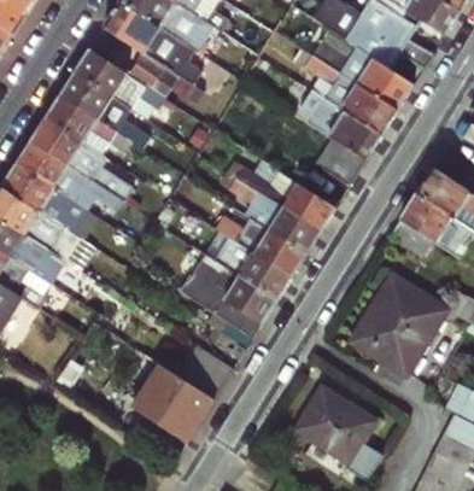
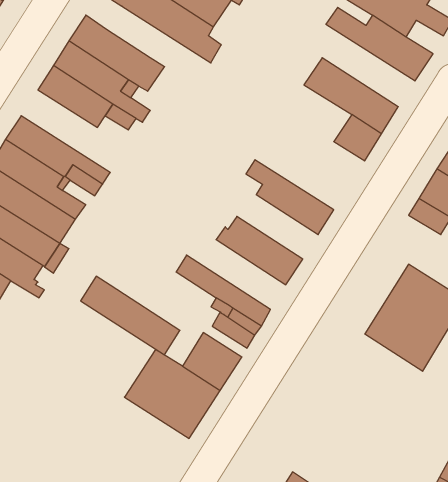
building: [109,39,206,100] -> none
building: [293,47,397,133] -> none
building: [29,117,100,181] -> none
building: [236,165,337,229] -> none
building: [204,207,306,275] -> none
building: [183,249,276,322] -> [81,276,180,355]
building: [297,388,374,461] -> none

